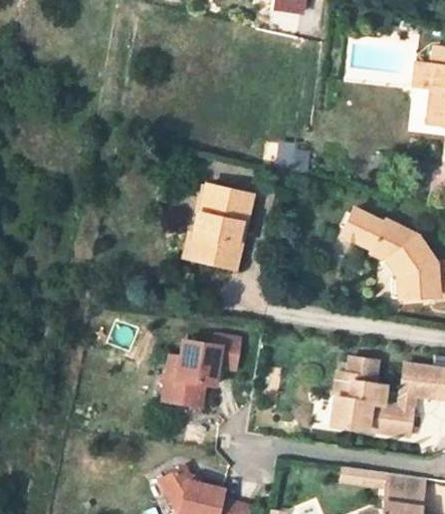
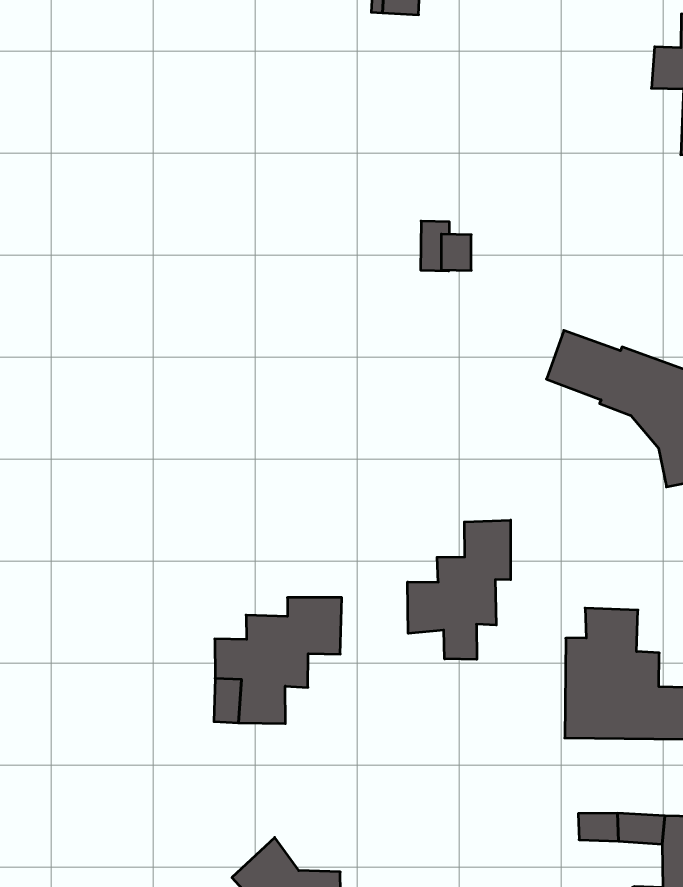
building: [184,185,255,269] -> none
building: none -> [408,520,511,659]

